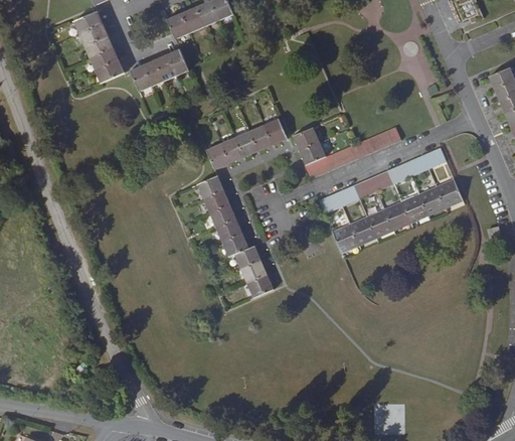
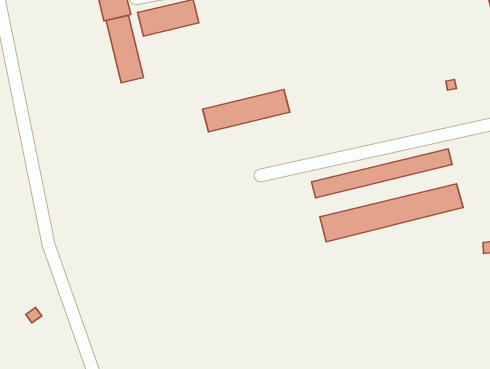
building: none -> [106,15,144,83]
building: [293,126,400,178] -> none
building: [196,175,273,297] -> none

